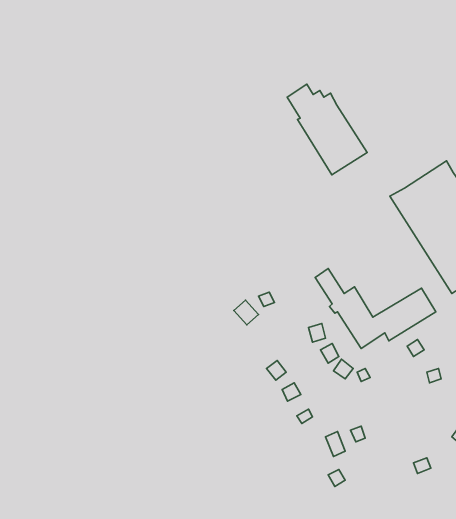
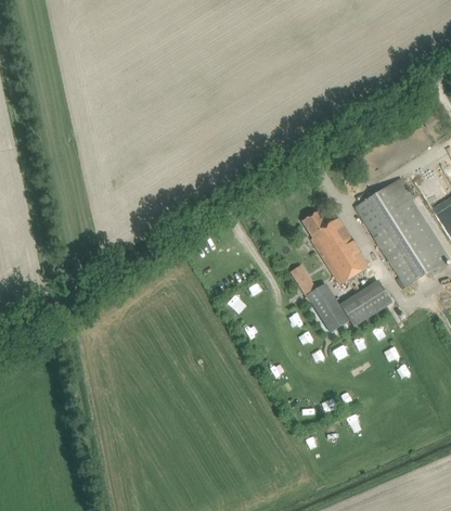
building: [287,84,367,175] -> [301,209,368,284]

